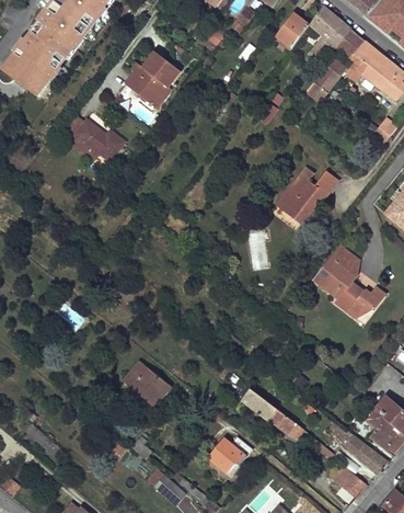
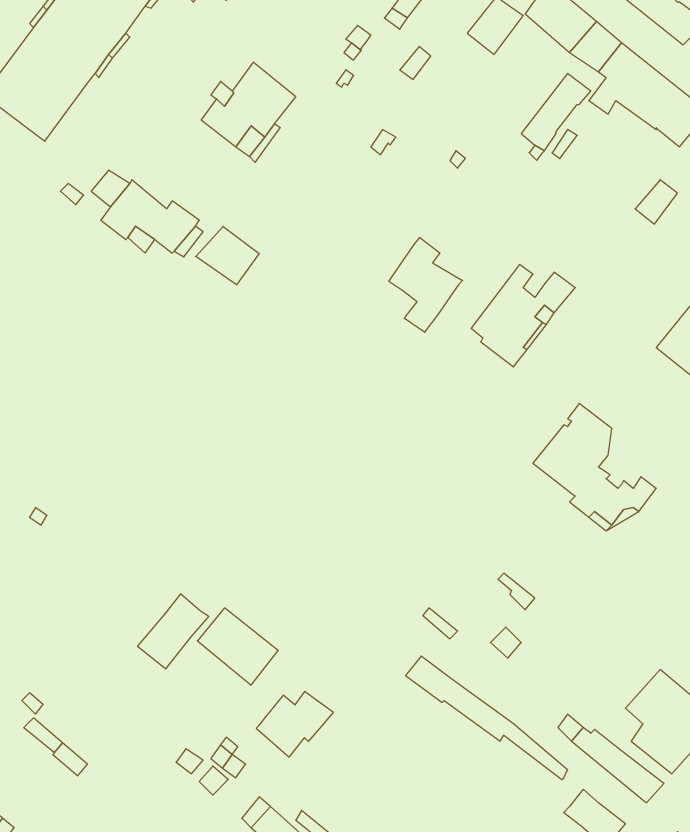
building: none -> [196,226,259,285]
building: none -> [389,238,463,332]
building: none -> [138,594,209,669]
building: [209,436,253,474] -> [256,691,333,757]

